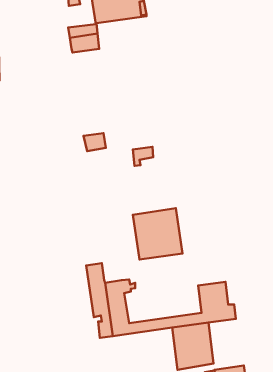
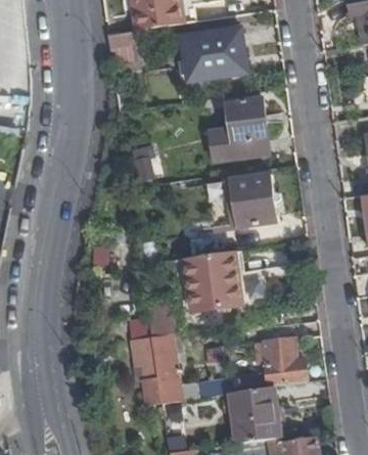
building: none -> [183,31,247,81]
building: none -> [210,99,270,163]
building: none -> [228,175,277,228]

